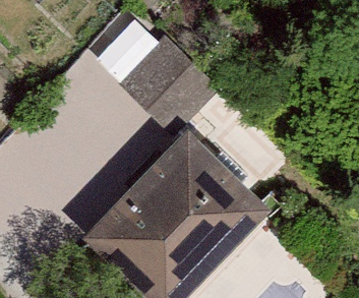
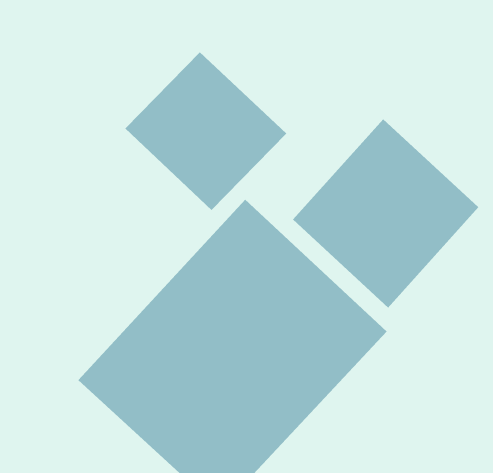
building: none -> [292,118,479,308]

